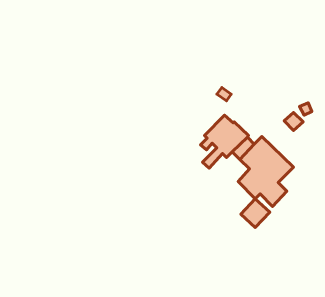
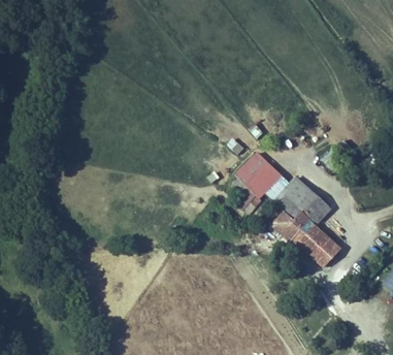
building: [241,199,270,228] -> [308,234,339,265]

